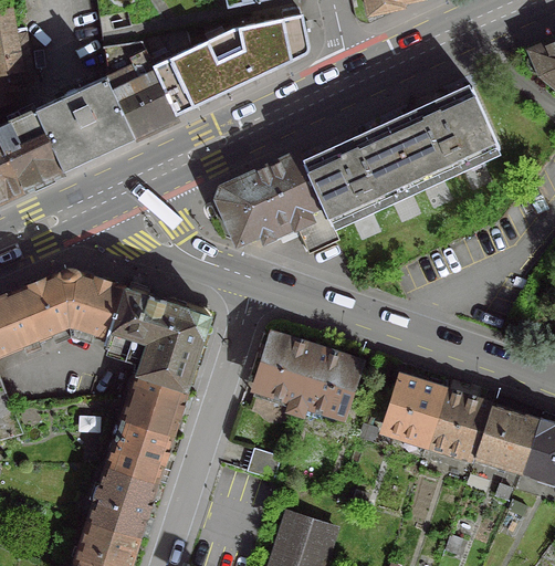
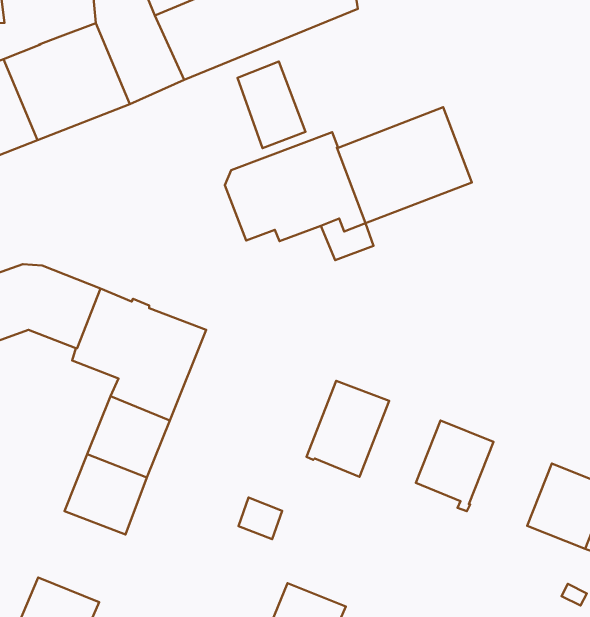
building: [386,88,495,185] -> none
building: none -> [237,61,305,148]
building: [253,335,314,411] -> none
building: [426,390,490,462] -> none
building: [86,467,154,537] -> none

